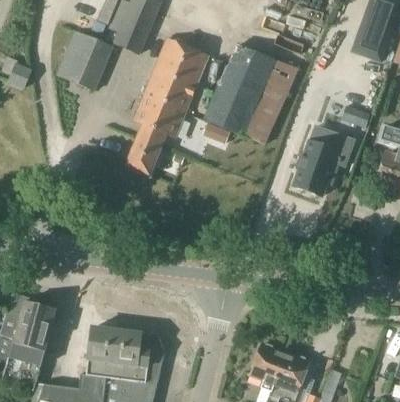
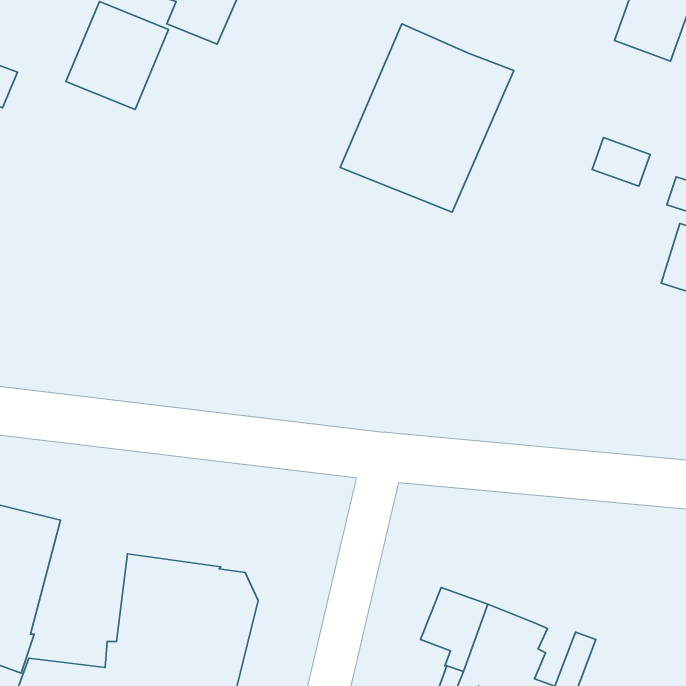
building: [126,37,209,175] -> none
building: [291,126,357,199] -> none

